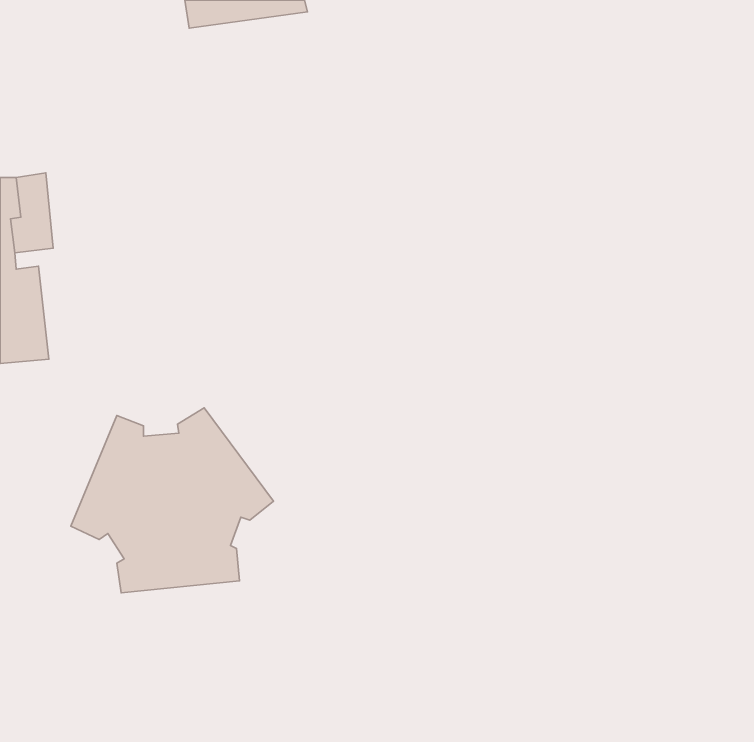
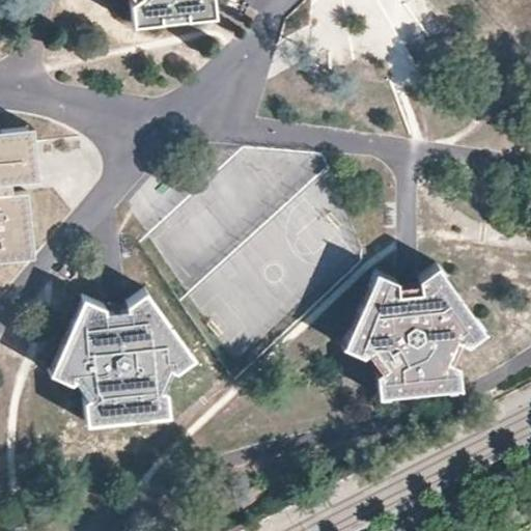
building: none -> [340,269,482,400]

